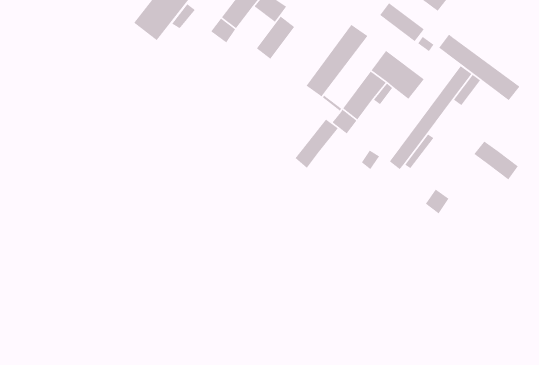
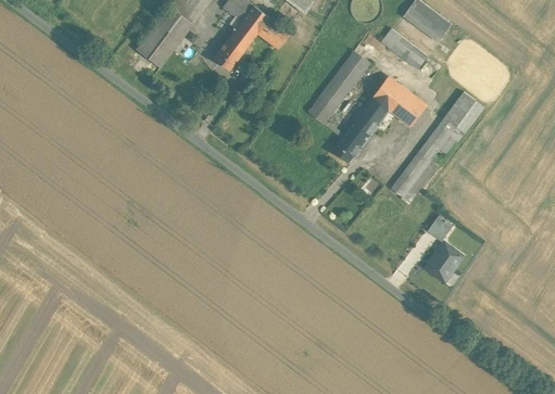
building: [256,16,295,60] -> none
building: [438,34,521,101] -> none
building: [295,118,339,168] -> none
building: [474,140,519,180] -> none
building: none -> [426,242,463,280]

